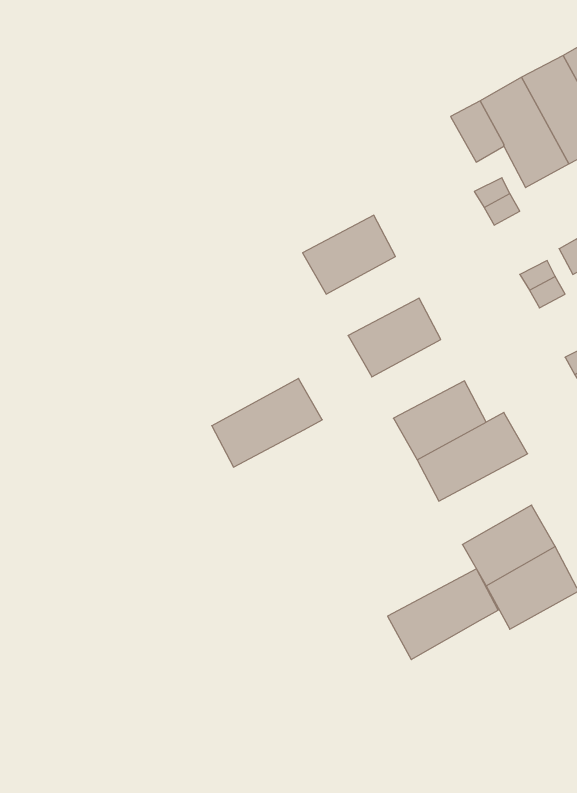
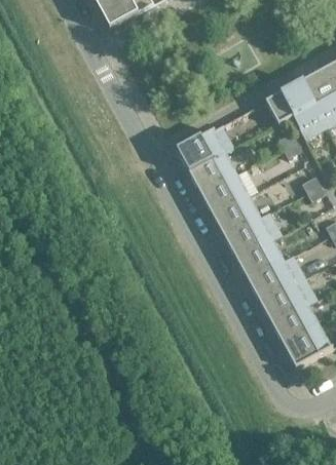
building: none -> [177,123,234,170]
building: none -> [200,172,249,214]
building: [212,378,322,467] -> [224,210,282,257]
building: [388,569,498,660] -> [259,275,316,322]

